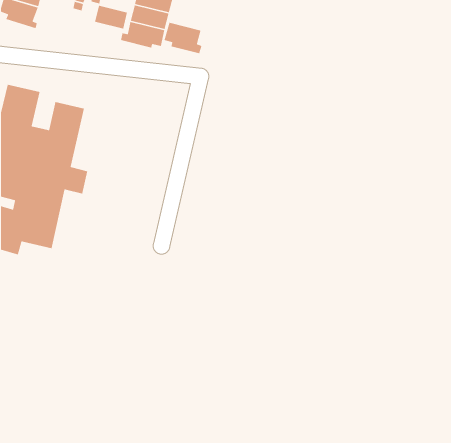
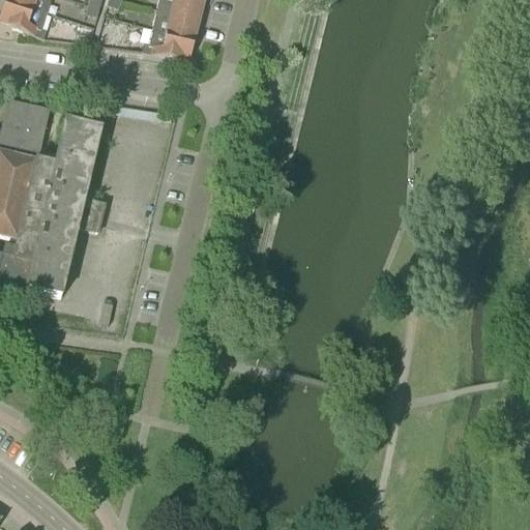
building: [94,5,128,29] -> none
building: [164,22,202,54] -> none

